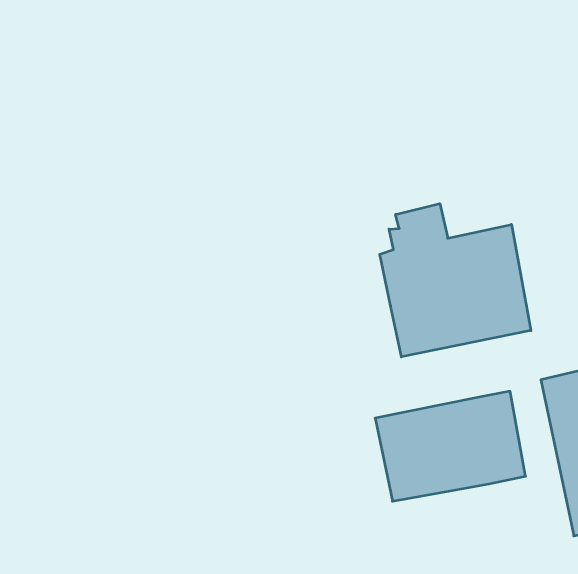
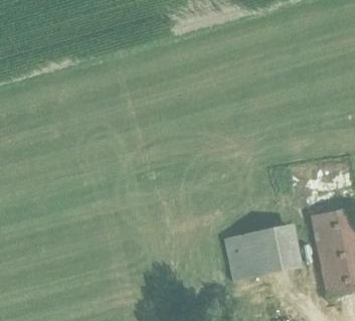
building: [380,204,531,357] -> none

